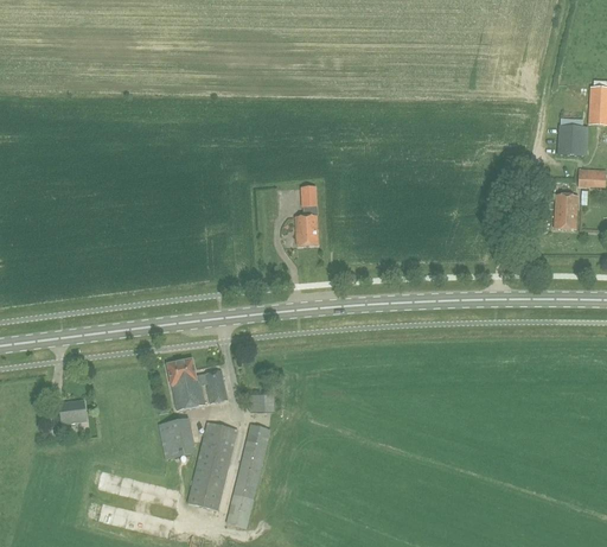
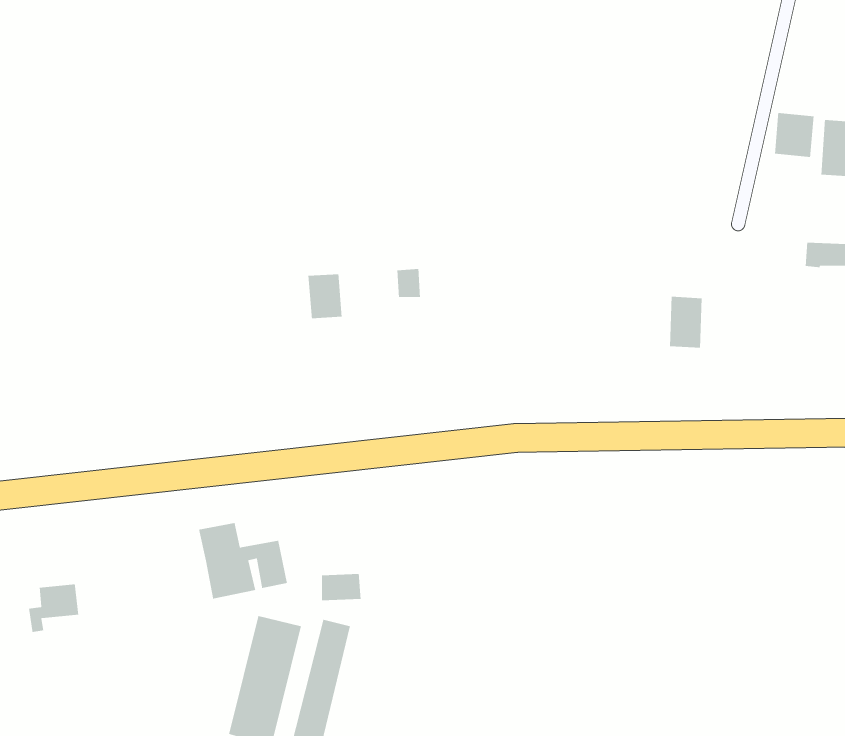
building: [560,123,587,154] -> [774,112,814,158]
building: [555,193,577,229] -> [669,296,703,349]
building: [295,215,319,246] -> [308,273,343,319]
building: [156,413,187,454] -> none

